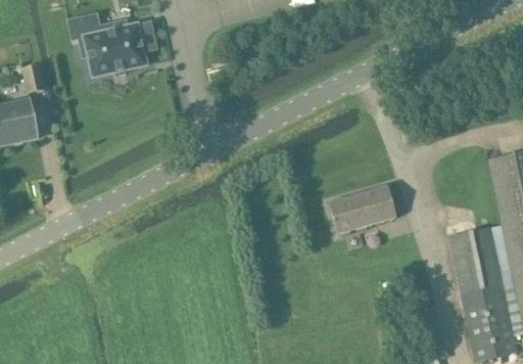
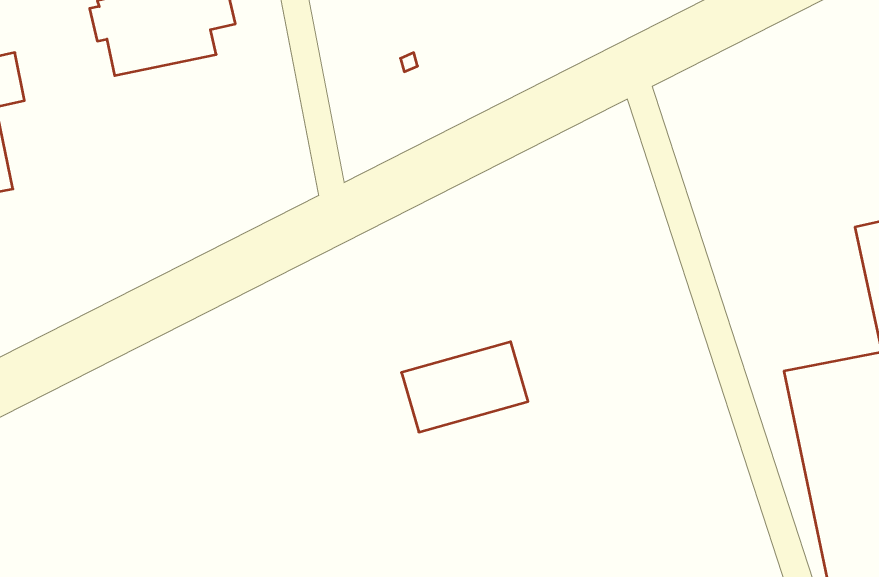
building: [328,183,395,231] -> [401,342,528,432]

